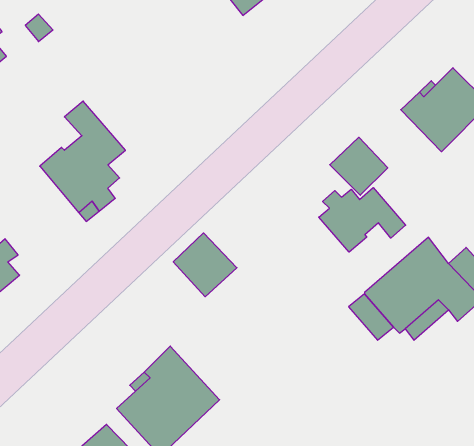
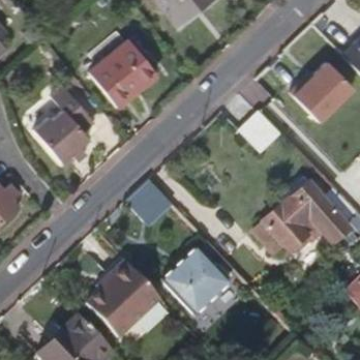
building: none -> [88,38,157,106]
building: [319,188,406,252] -> none
building: none -> [161,247,228,313]

